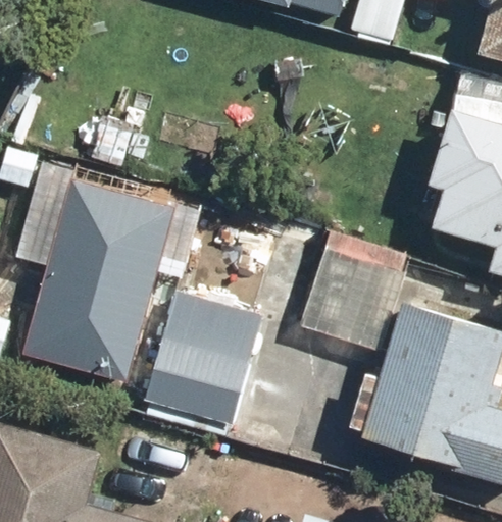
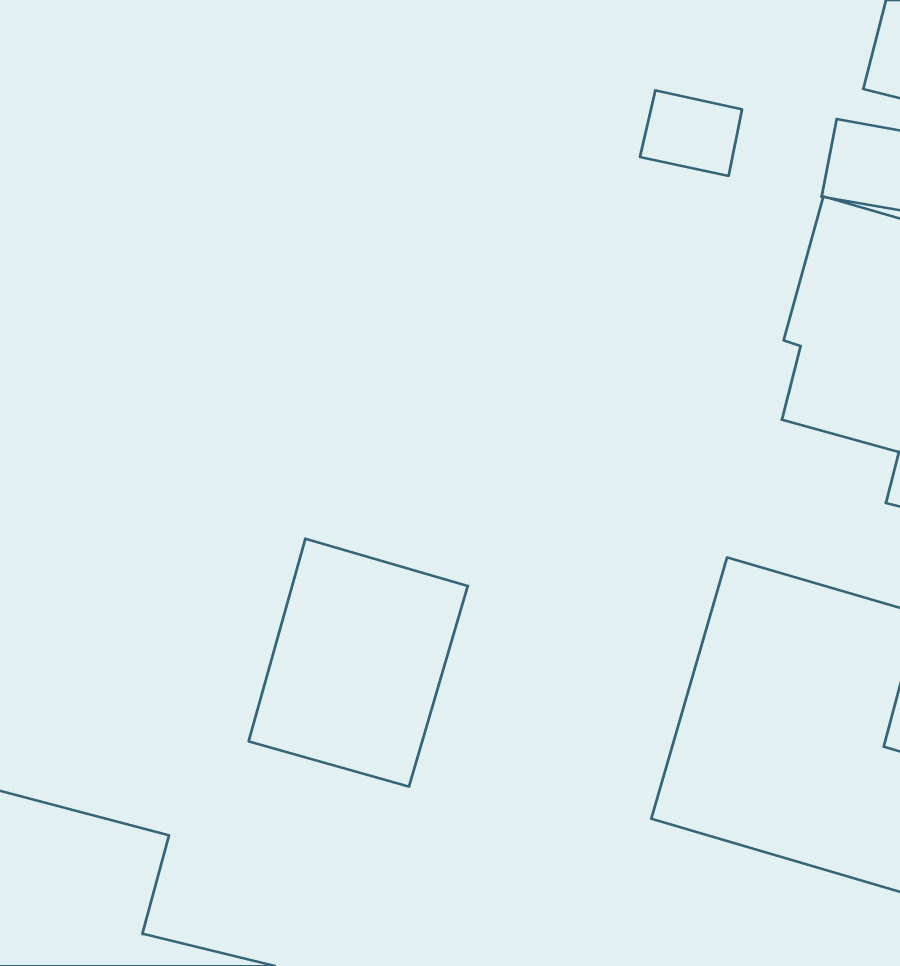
building: [23,179,177,383] -> none
building: [301,247,407,351] -> none

